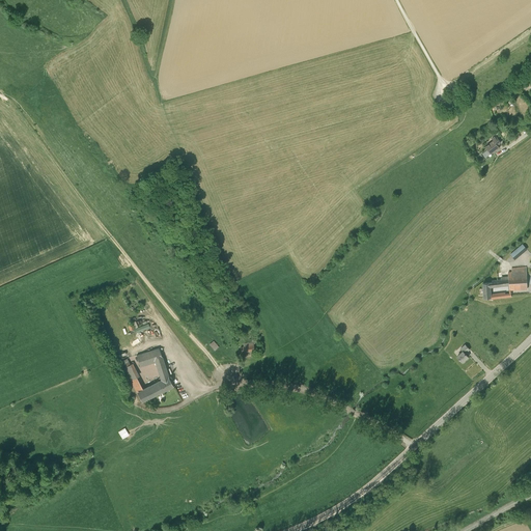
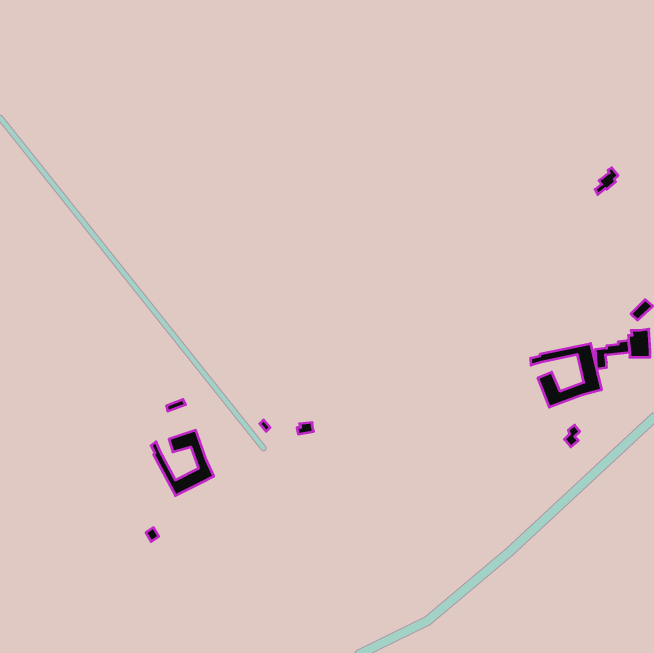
building: none -> [531,343,601,407]

